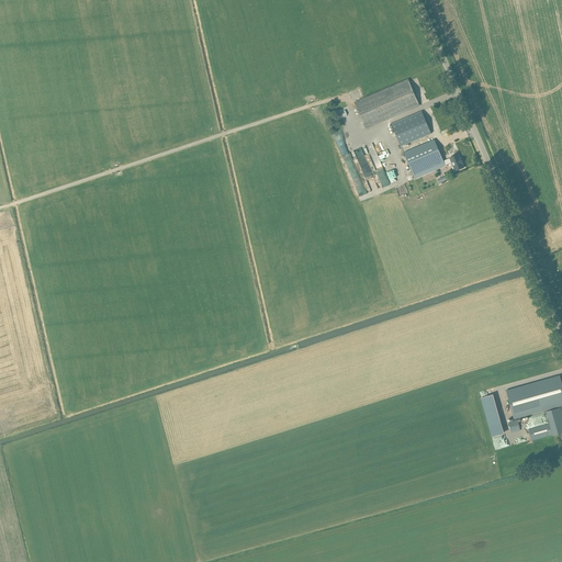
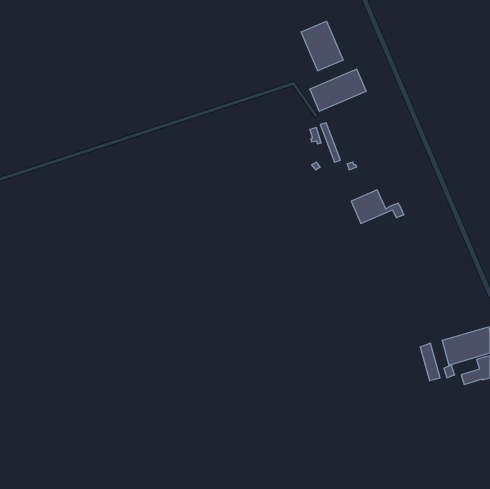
building: none -> [301,21,343,71]
building: [392,110,431,146] -> none
building: [404,138,464,177] -> [351,190,404,223]

